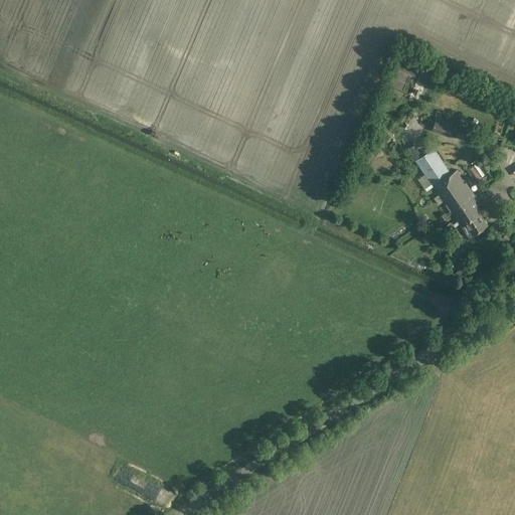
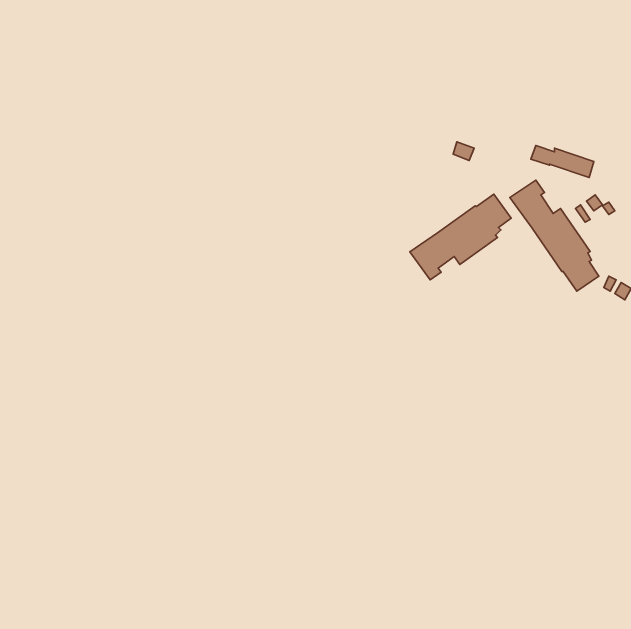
building: none -> [410,194,511,280]

